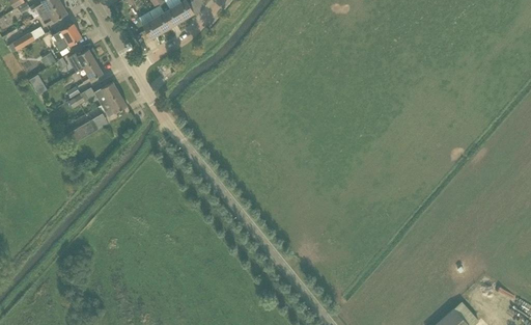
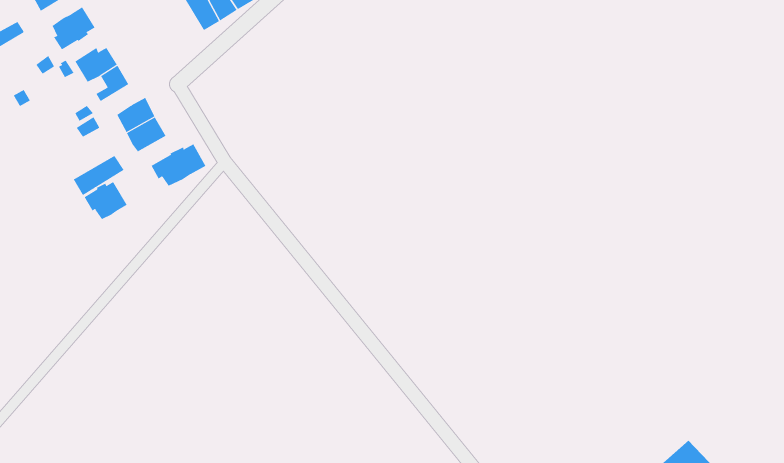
building: none -> [151,143,206,187]
building: none -> [84,181,127,220]

